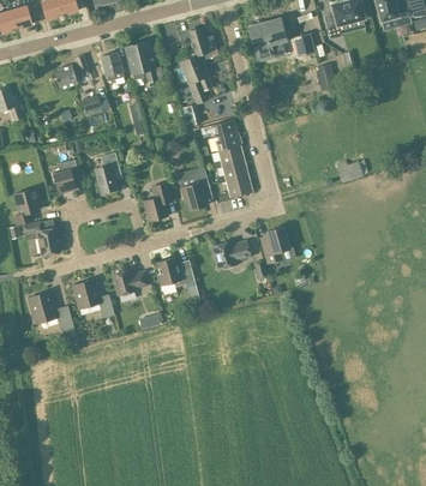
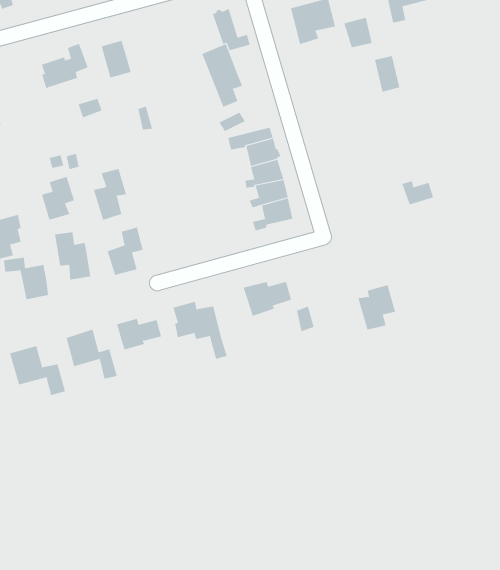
building: [125,40,158,80] -> none
building: [181,170,212,209] -> none
building: [144,181,173,220] -> [107,227,144,276]
building: none -> [55,232,91,281]
building: [260,226,290,262] -> [358,284,396,330]

